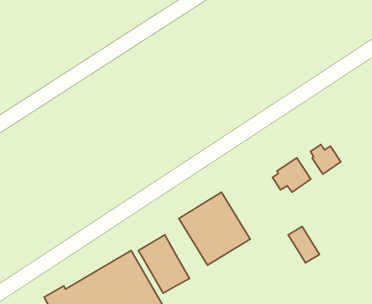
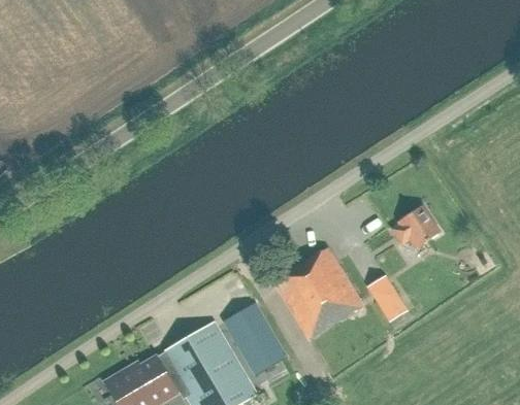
building: [310,145,341,174] -> none
building: [288,227,319,263] -> [367,276,407,322]

